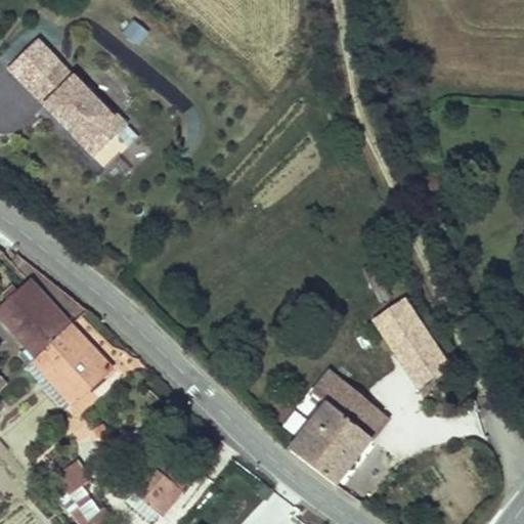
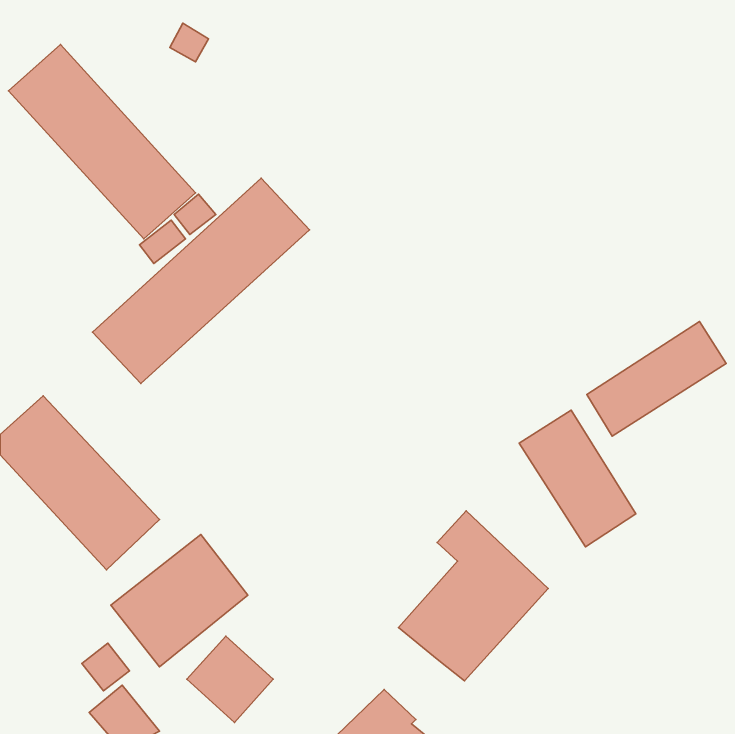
building: none -> [93,178,309,384]
building: none -> [587,321,726,436]
building: none -> [111,534,248,667]

